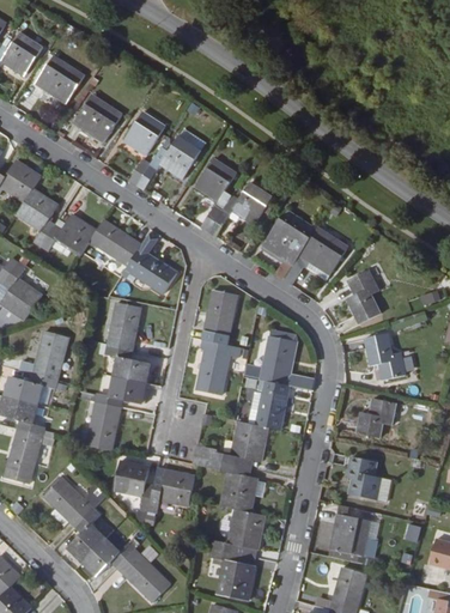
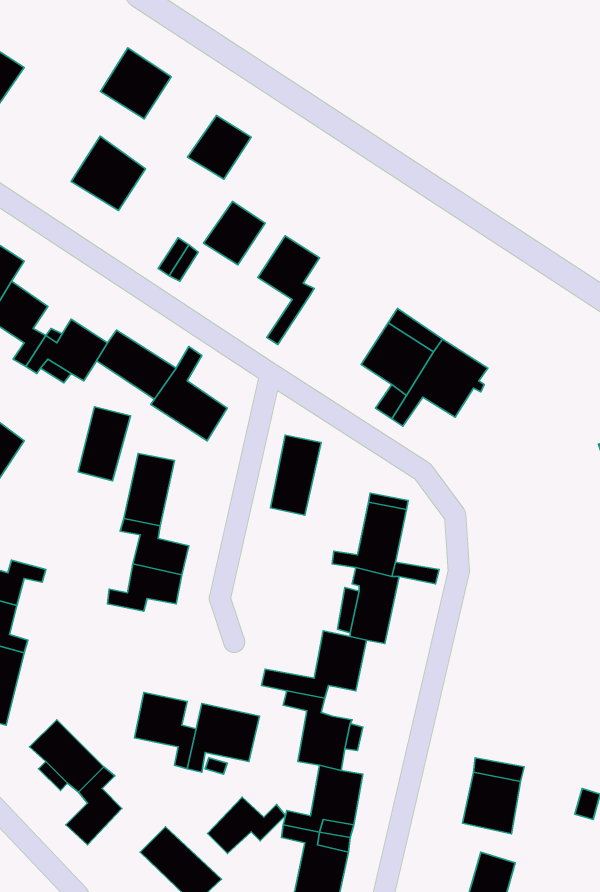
building: [36,56,83,103] -> [101,48,171,119]
building: [122,113,164,154] -> [188,116,251,179]
building: [208,182,272,236] -> none
building: [346,269,381,322] -> none
building: [32,330,67,380] -> [78,407,131,481]
building: [365,333,405,378] -> none
building: [197,339,239,394] -> none
building: [357,396,396,439] -> none
building: [86,402,120,450] -> none
building: [347,457,379,499] -> none
building: [83,538,134,575] -> [208,797,286,853]

